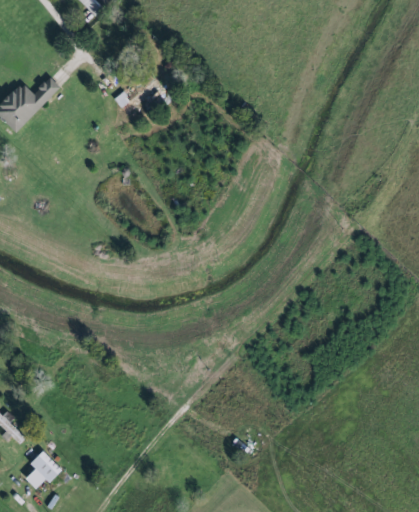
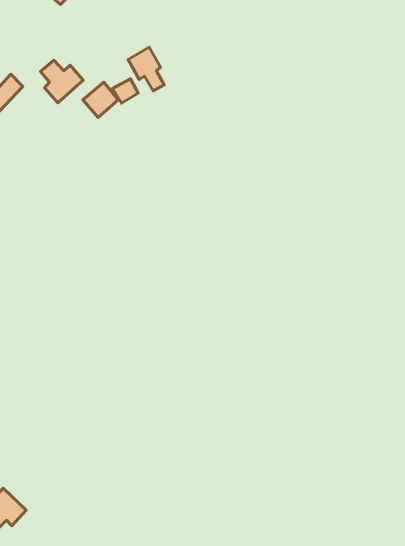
building: none -> [128,47,164,91]
building: none -> [41,60,83,103]

